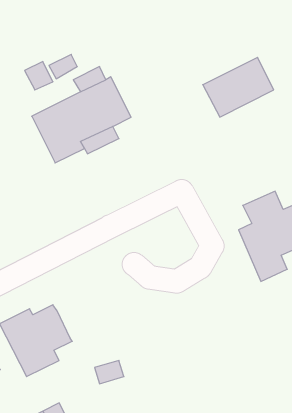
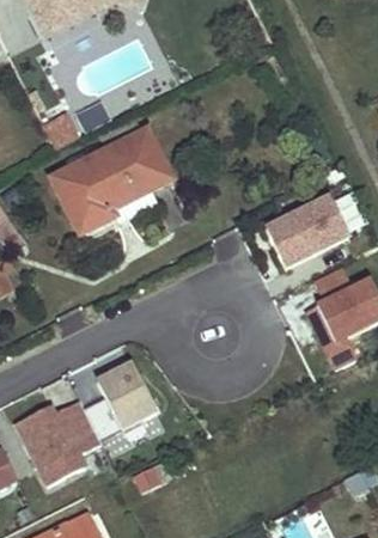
building: [203,57,274,117] -> [266,194,349,264]
building: none -> [84,363,157,438]

